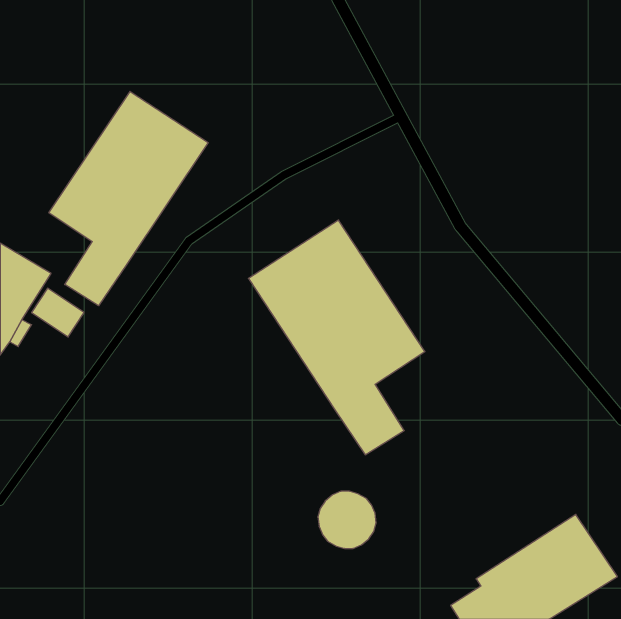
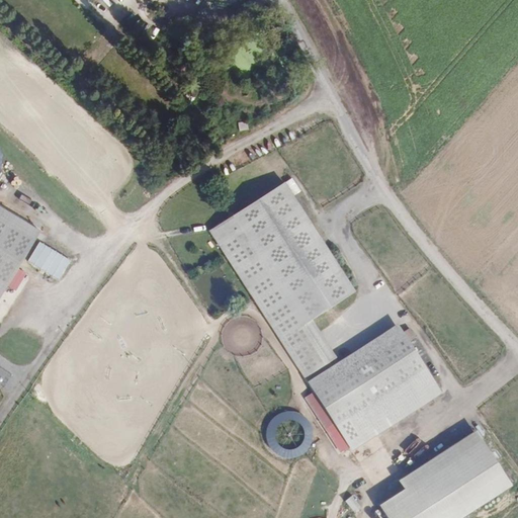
building: [49,91,208,306] -> none
building: none -> [309,325,442,449]

